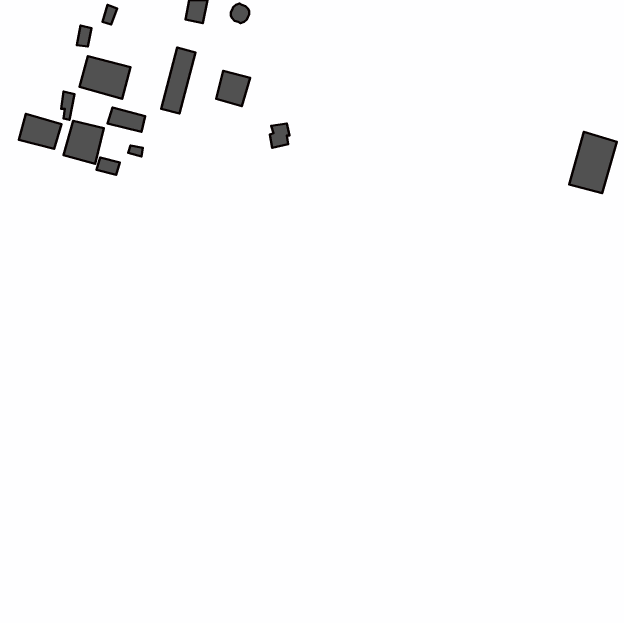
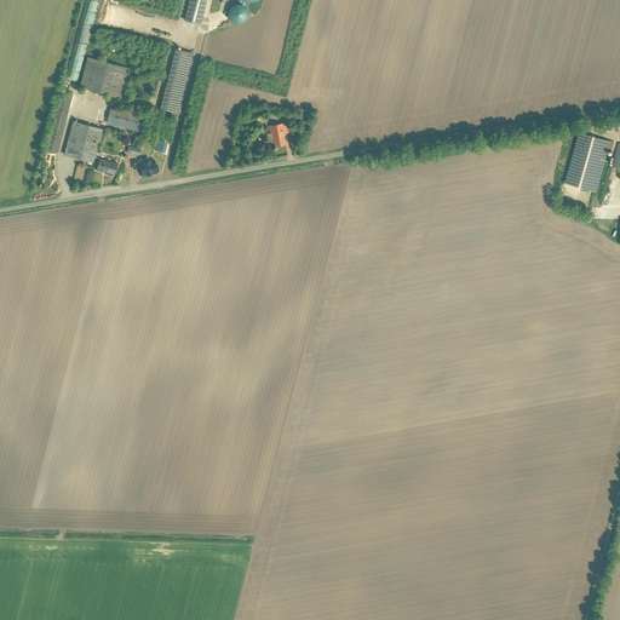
building: [216,71,250,106] -> none
building: [19,114,62,149] -> none

